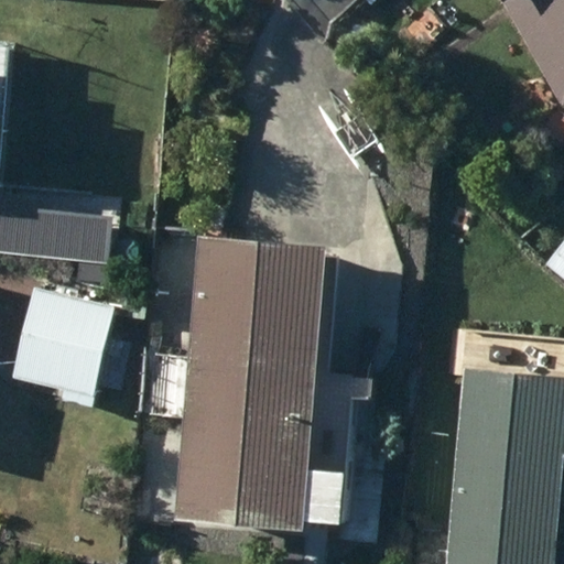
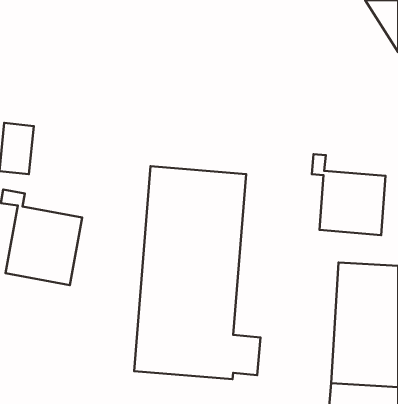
building: none -> [312,154,386,235]

